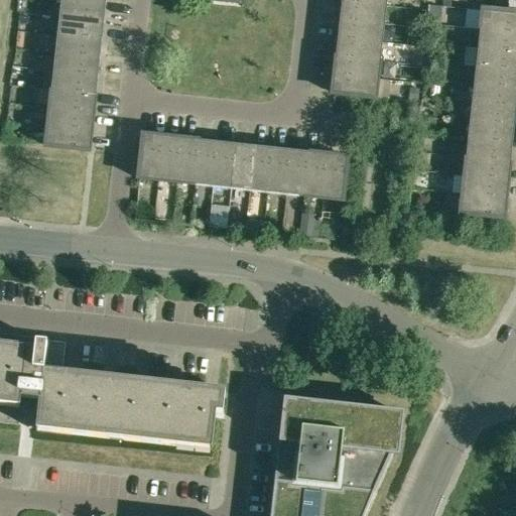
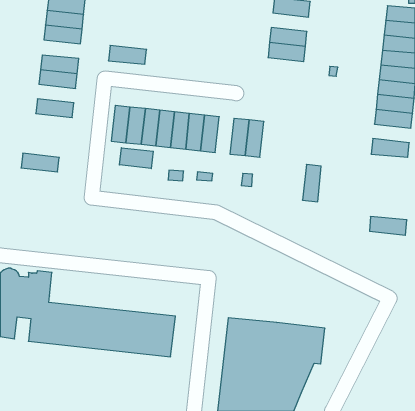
building: [337,16,383,39] -> none
building: [52,49,100,73] -> [108,45,147,64]
building: [331,72,377,95] -> none
building: [46,105,94,128] -> [21,153,59,172]
building: [267,145,290,191] -> none
building: [322,151,346,198] -> [302,164,321,202]
building: [463,154,510,177] -> none
building: none -> [119,148,153,169]
building: [460,191,506,215] -> [370,217,407,235]

